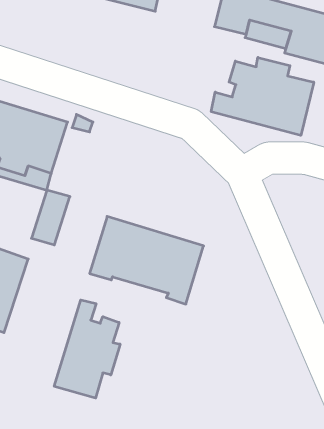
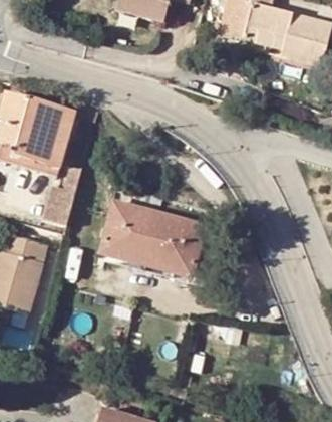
building: [211,57,314,135] -> none
building: [54,300,120,398] -> none

